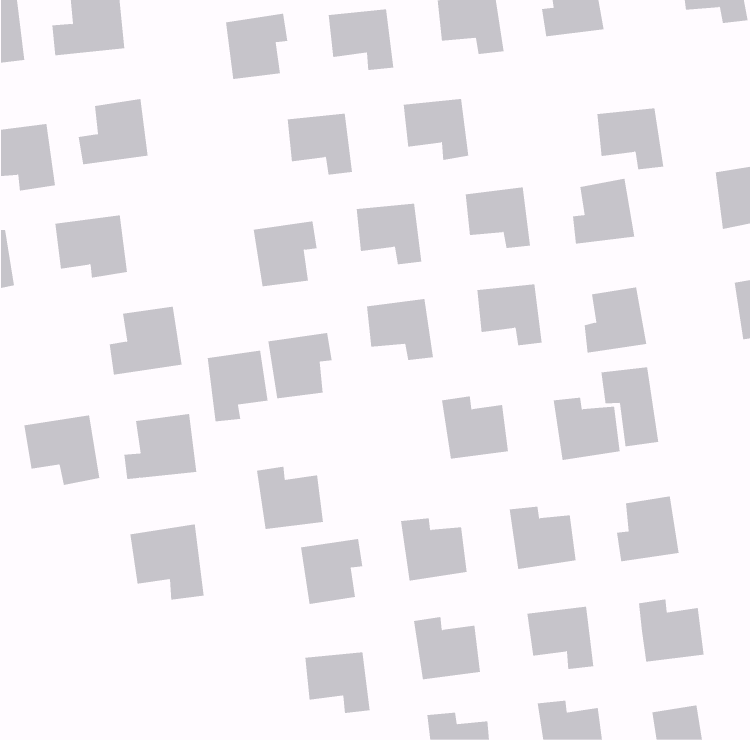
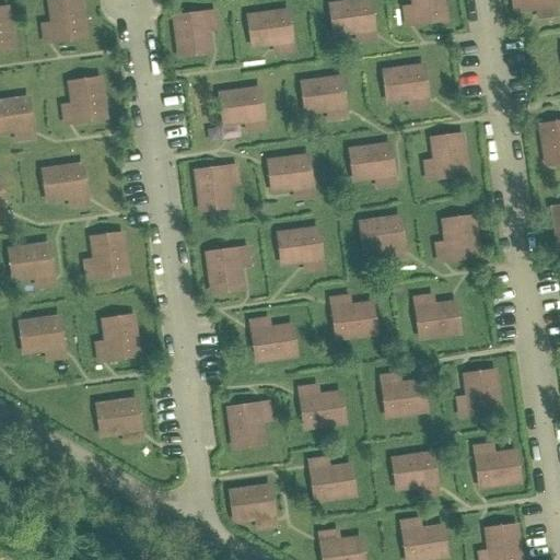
building: [596,108,664,170] -> [380,60,430,106]
building: none -> [10,240,63,289]
building: [207,350,268,422] -> none
building: [601,367,659,447] -> none
building: [256,466,324,529] -> [247,318,298,365]

